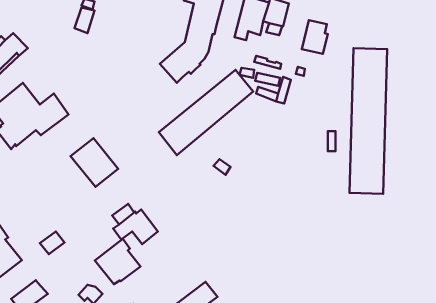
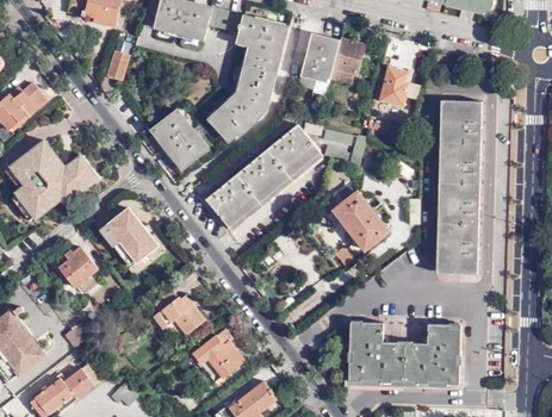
building: none -> [150,108,207,169]
building: none -> [331,191,387,250]
building: none -> [57,245,98,293]
building: none -> [347,322,460,384]
building: [95,239,141,284] -> [191,326,246,381]
building: none -> [61,360,103,398]

